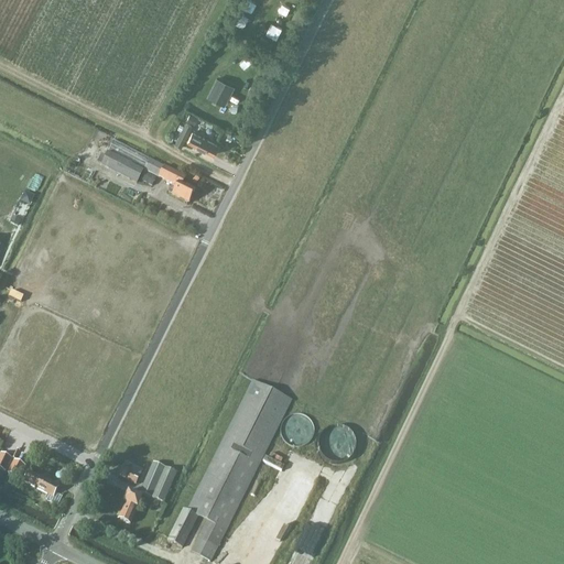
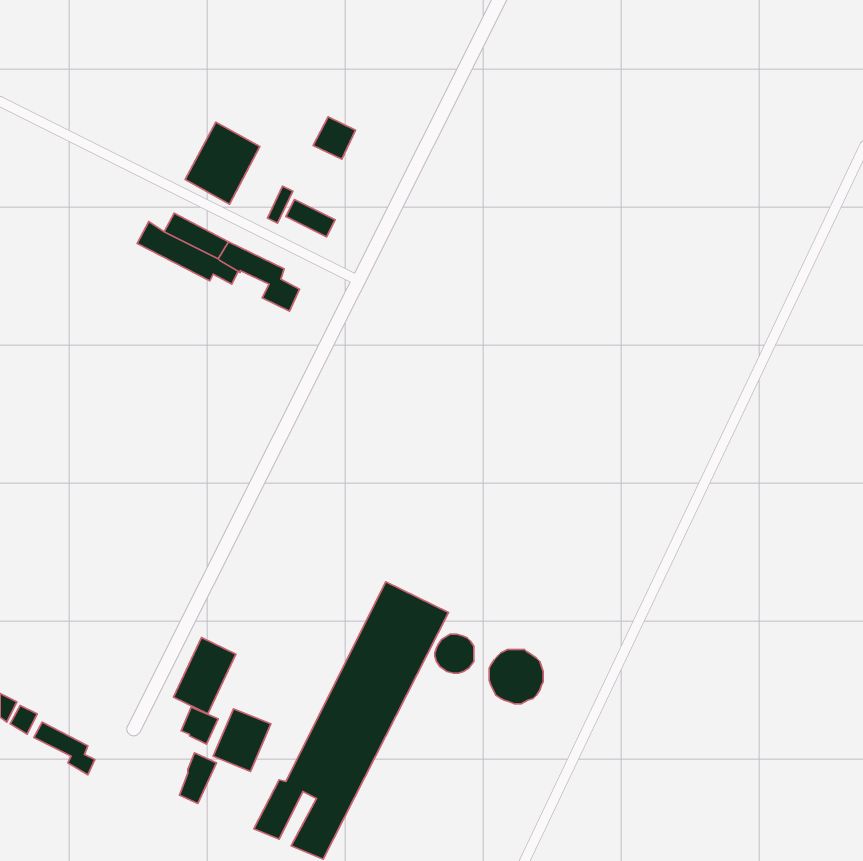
building: none -> [185,122,260,204]
building: none -> [174,637,236,714]

